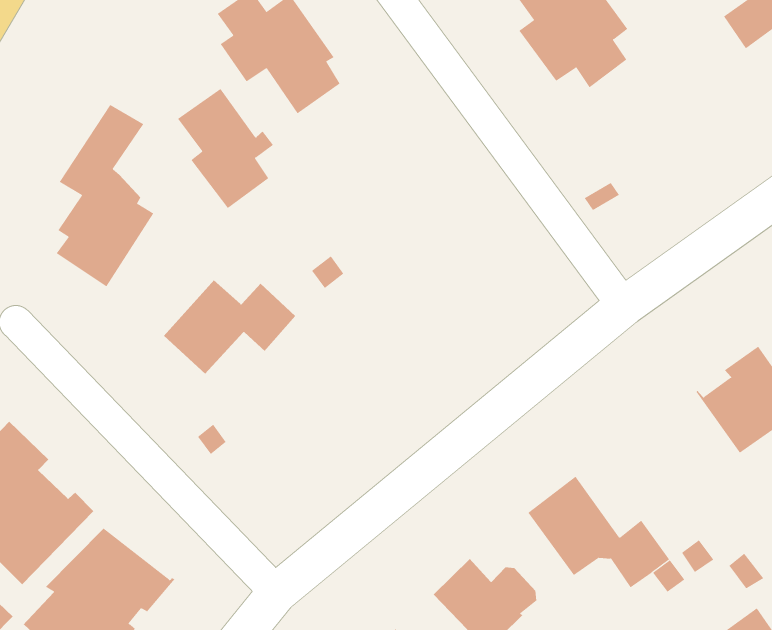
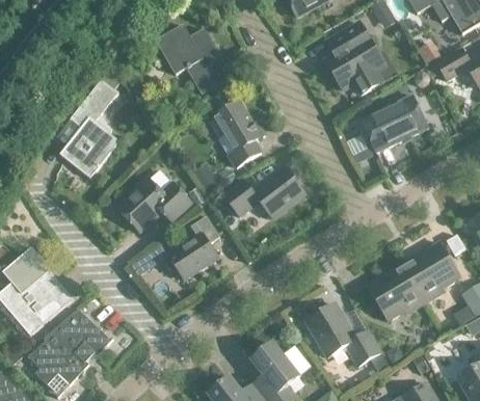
building: none -> [359,95,427,152]
building: [177,88,274,209] -> [213,101,264,166]
building: none -> [222,166,301,217]
building: none -> [167,215,219,278]
building: none -> [366,263,423,320]

